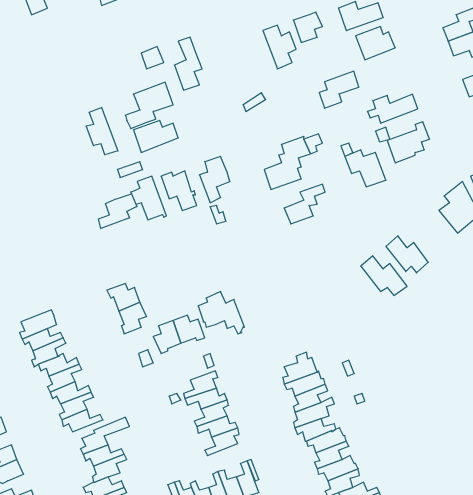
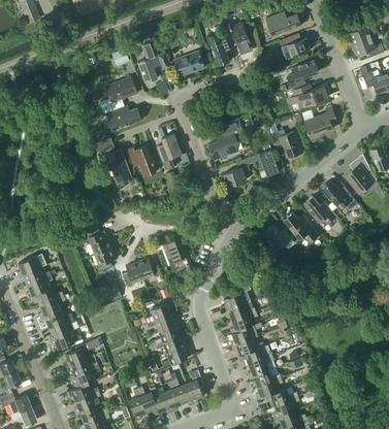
building: none -> [159,52,204,76]
building: [319,71,359,108] -> [288,60,319,89]
building: [86,107,118,155] -> none
building: none -> [254,143,280,175]
building: [98,194,137,229] -> none
building: none -> [321,180,358,210]
building: none -> [263,225,295,251]

